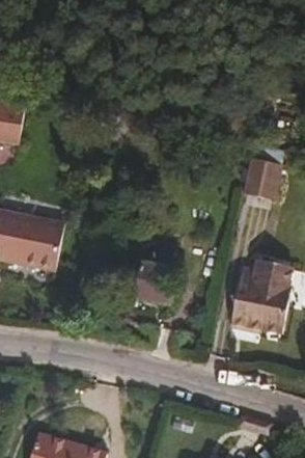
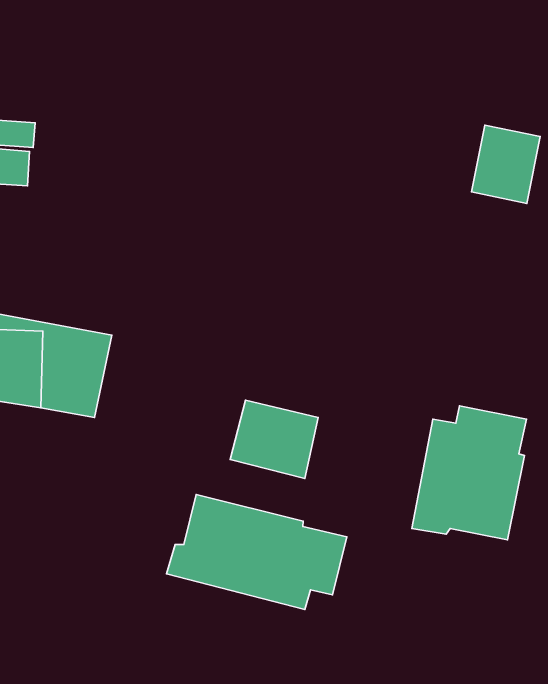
building: [241,152,278,194] -> [471,125,540,203]
building: none -> [167,495,347,609]

